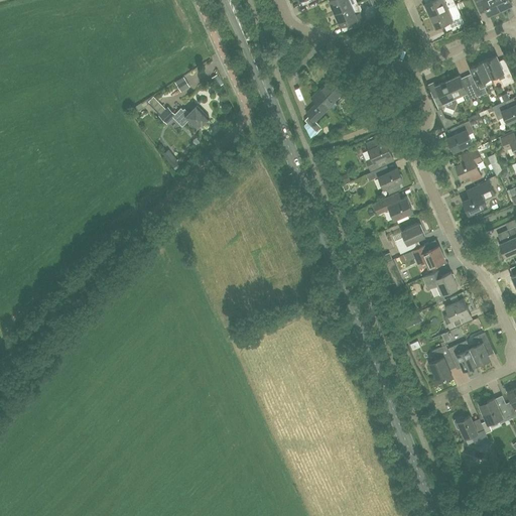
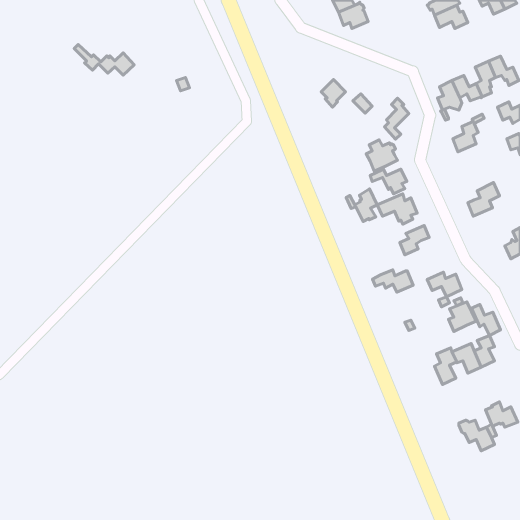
building: [304,92,329,132] -> [384,98,409,139]
building: [148,98,208,128] -> [74,45,134,75]
building: [456,150,481,181] -> none
building: none -> [346,189,377,221]
building: [404,245,444,267] -> [372,270,413,292]
building: none -> [471,305,500,335]

